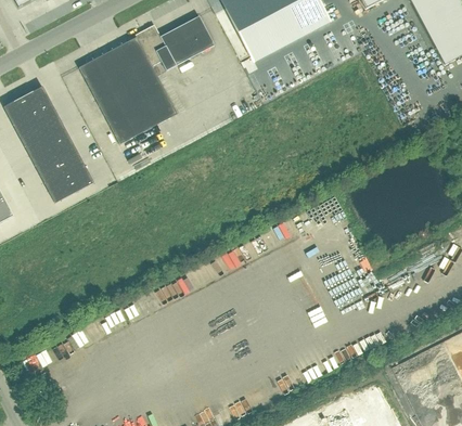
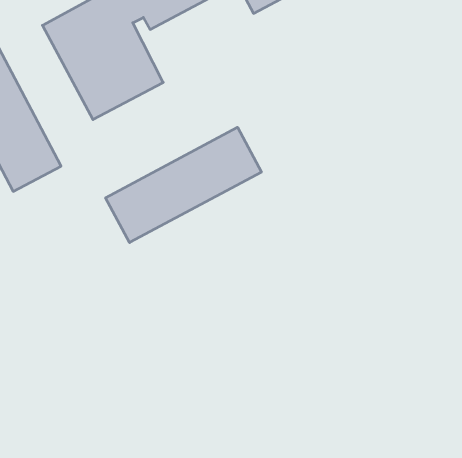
building: none -> [106,127,261,243]

